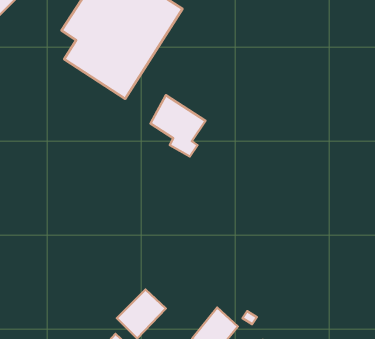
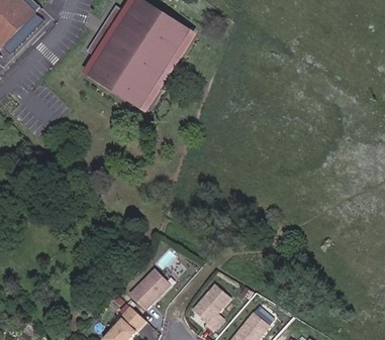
building: [151,95,205,156] -> none

